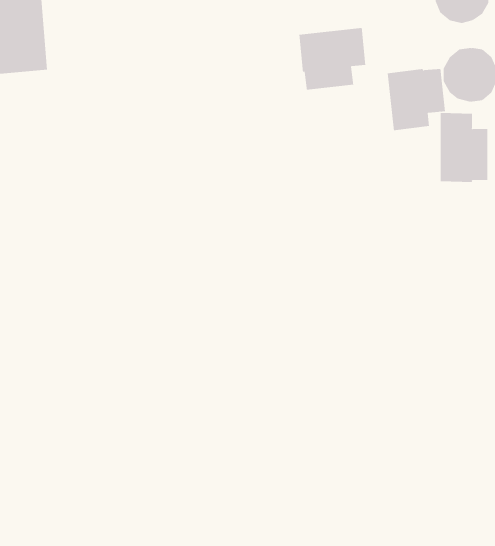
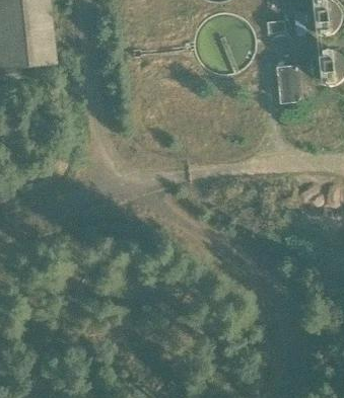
building: [299,27,366,90] -> none
building: [440,112,488,183] -> none

